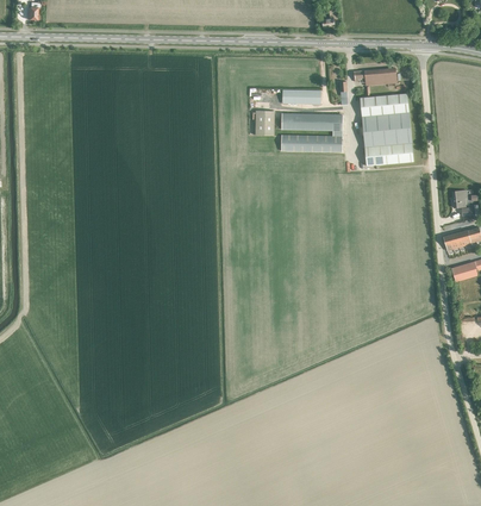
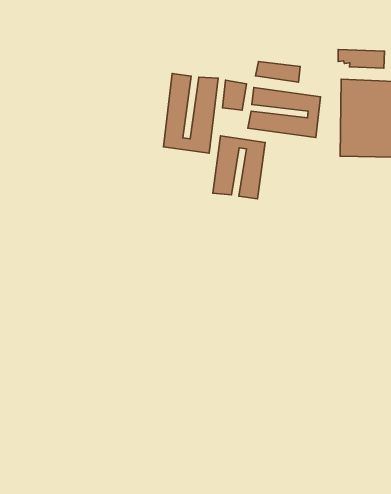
building: none -> [164,73,218,153]
building: none -> [213,136,265,199]

